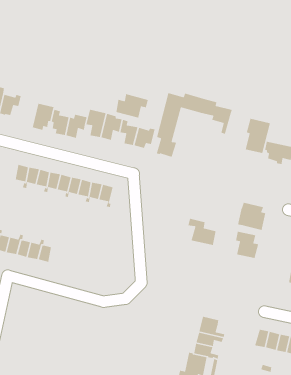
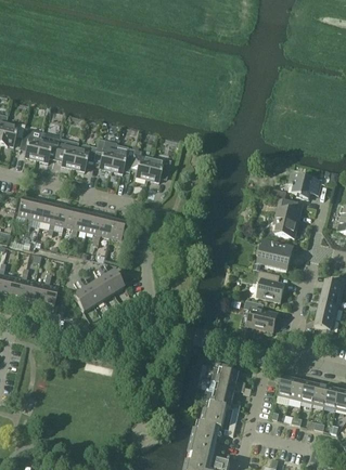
building: [156,92,233,158] -> none
building: [115,93,149,119] -> none
building: none -> [21,128,42,159]
building: [245,118,271,154] -> [274,199,303,238]
building: [187,218,216,246] -> [244,300,275,330]
building: none -> [73,270,124,312]

